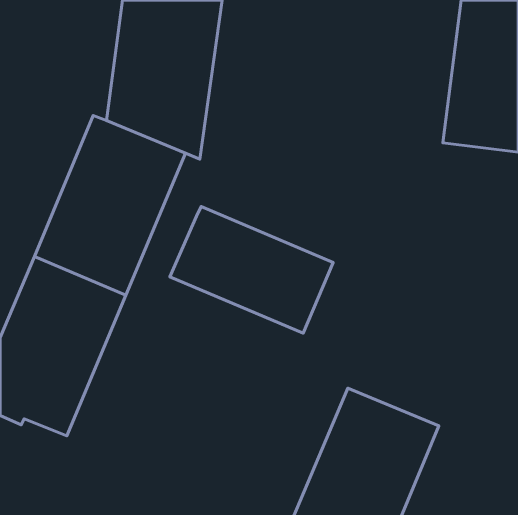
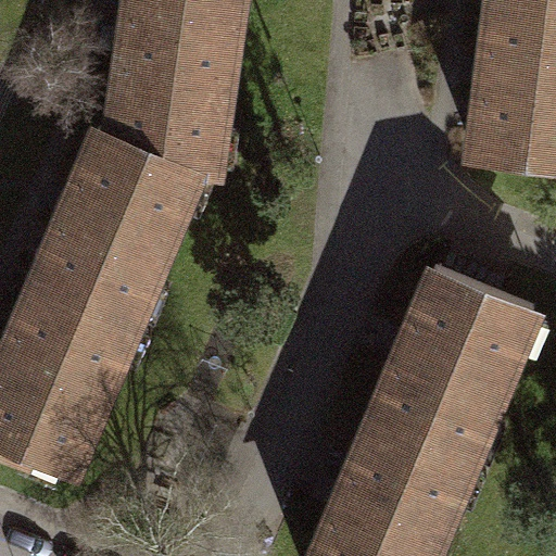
building: [170,206,333,333] -> none
building: none -> [372,265,535,459]

